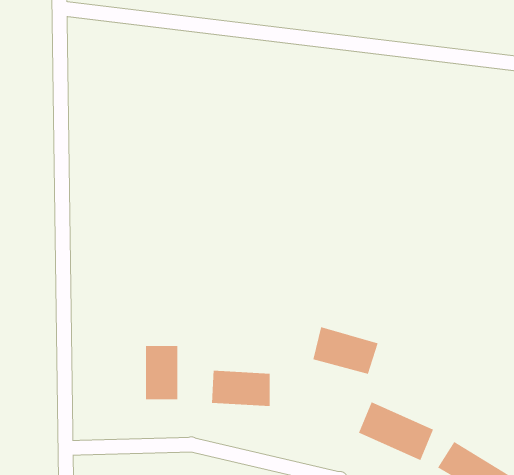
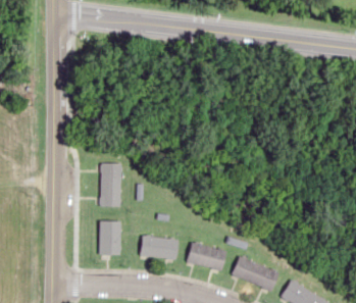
building: none -> [100,163,119,206]
building: [312,327,378,374] -> [187,241,227,270]

